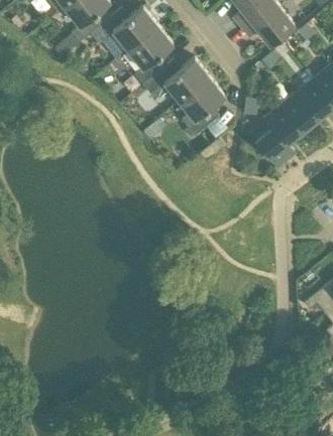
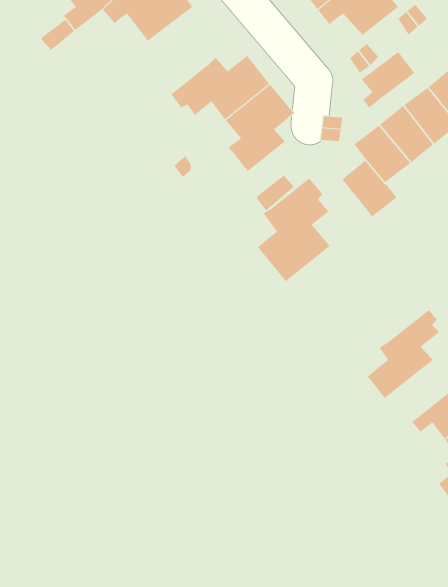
building: [127,25,173,84] -> none
building: none -> [361,51,415,109]
building: none -> [257,178,331,282]
building: none -> [367,309,440,399]

